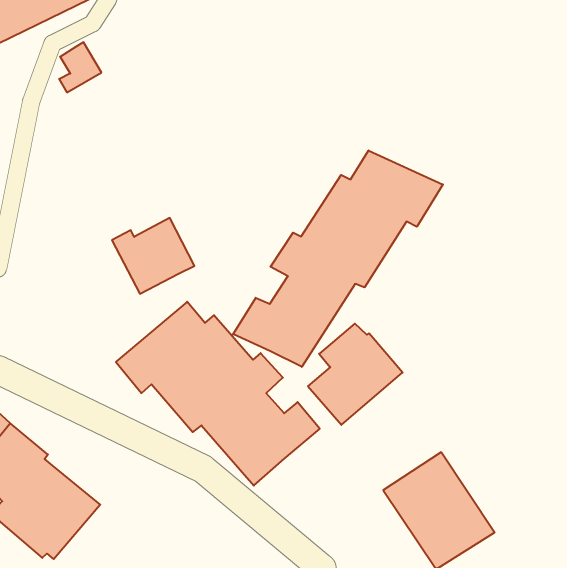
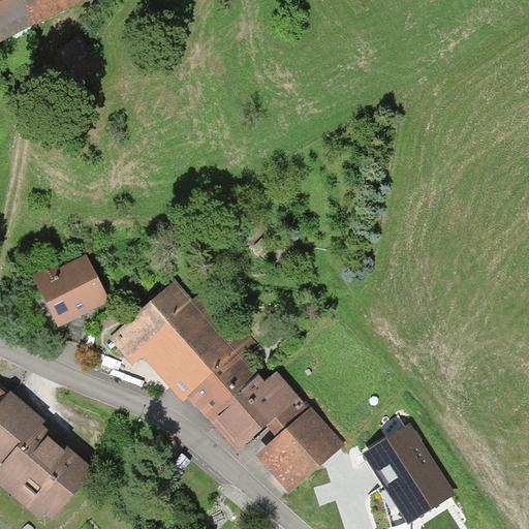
building: [233,150,443,367] -> none
building: [112,218,194,294] -> [31,255,107,325]
building: [308,324,403,425] -> [253,398,341,492]

